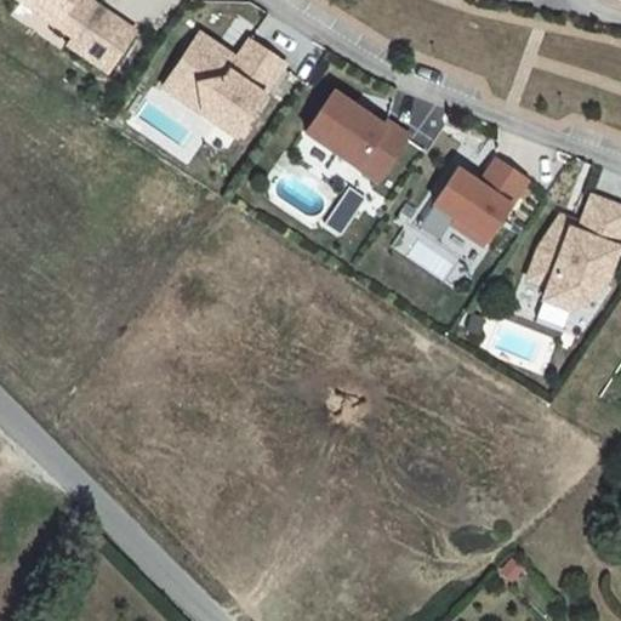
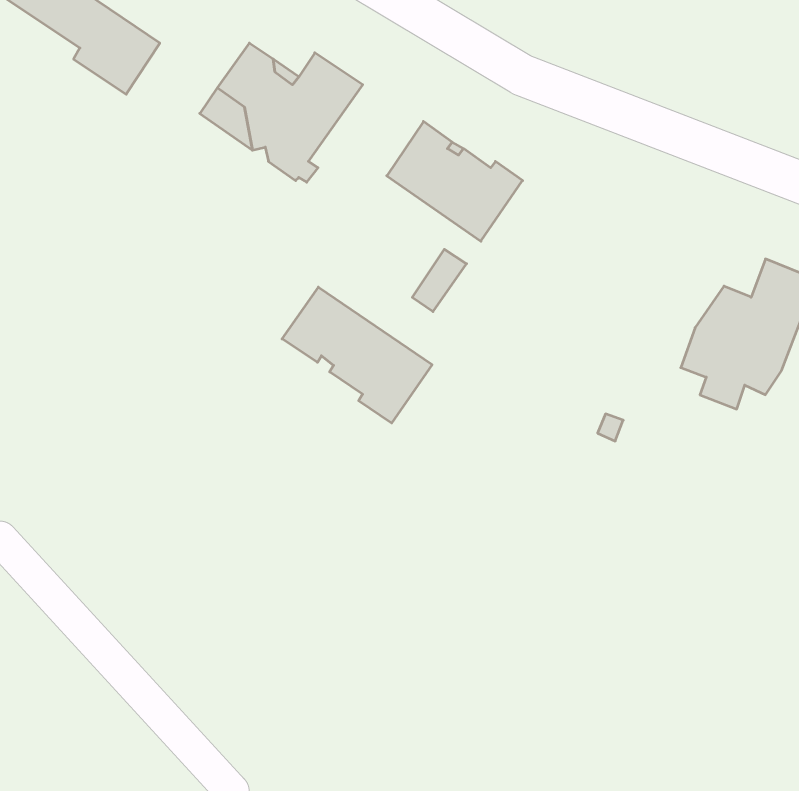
building: [428,173,520,257] -> none
building: none -> [282,287,432,423]

